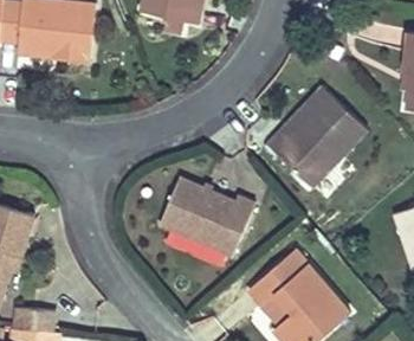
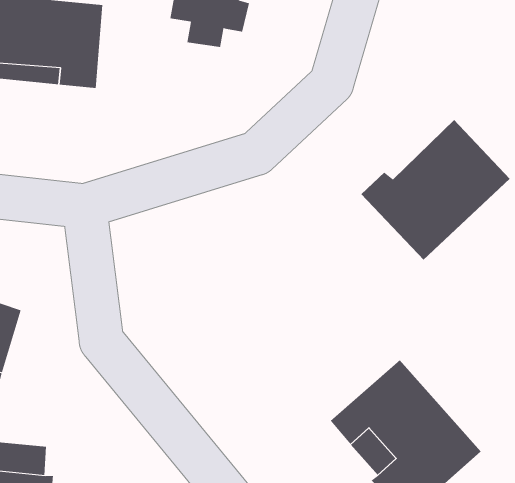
building: [157,178,252,253] -> none

